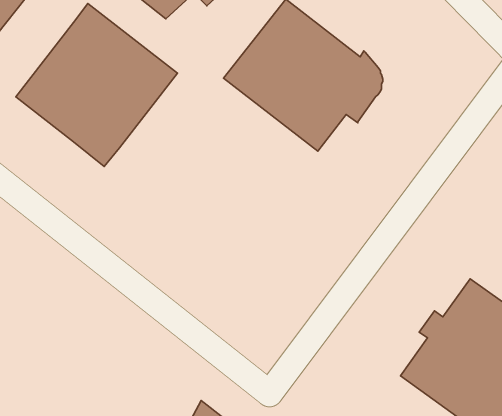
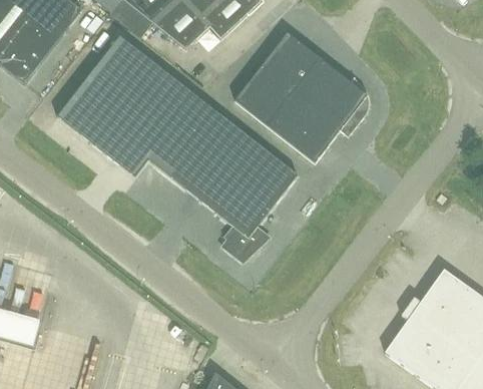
building: none -> [146,95,298,262]

